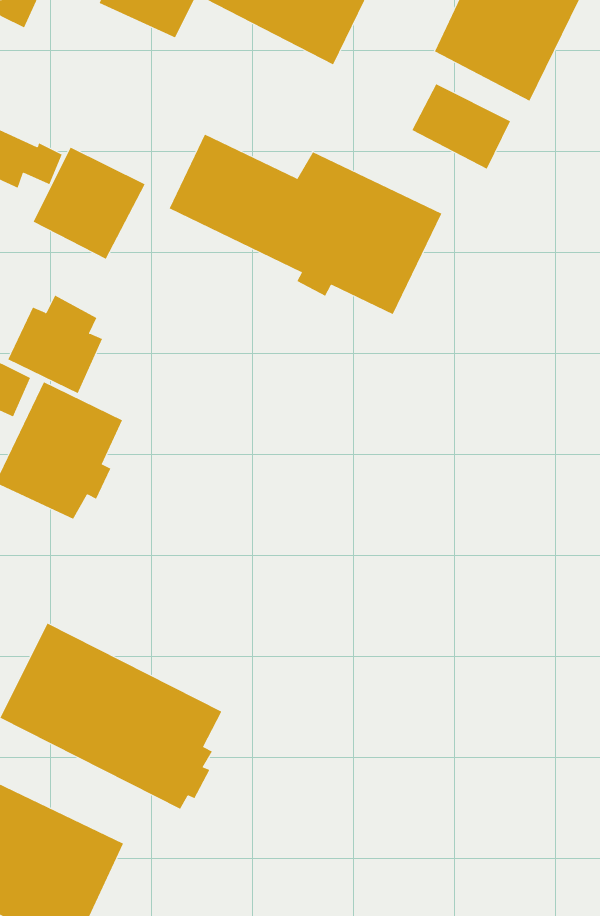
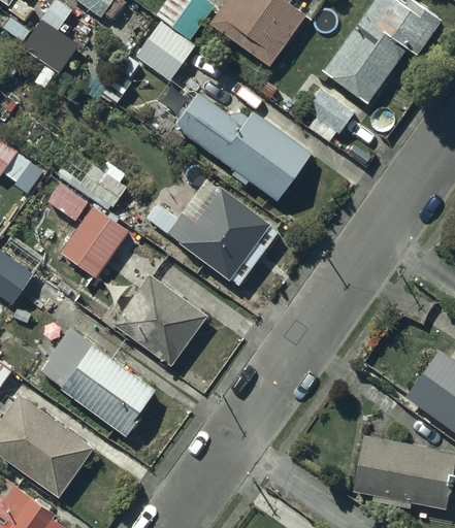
building: [33,147,145,260] -> [134,21,195,81]
building: none -> [147,185,274,282]
building: none -> [112,274,206,366]

